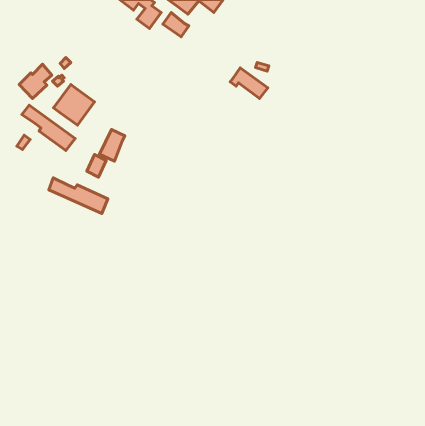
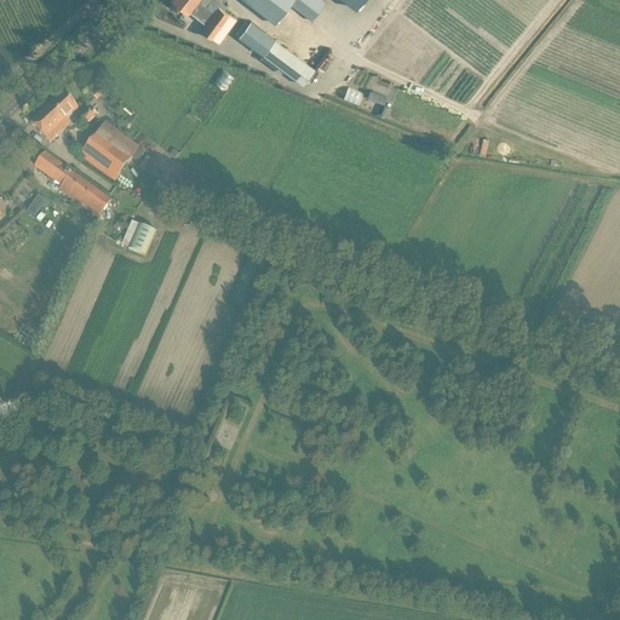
building: [230,68,268,99] -> [259,38,314,82]
building: [100,129,125,161] -> none
building: [49,178,108,214] -> none

